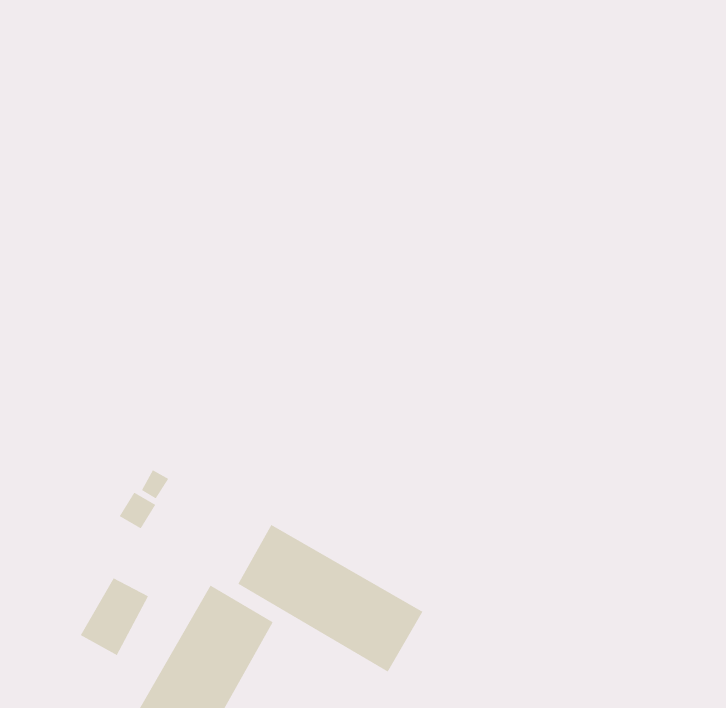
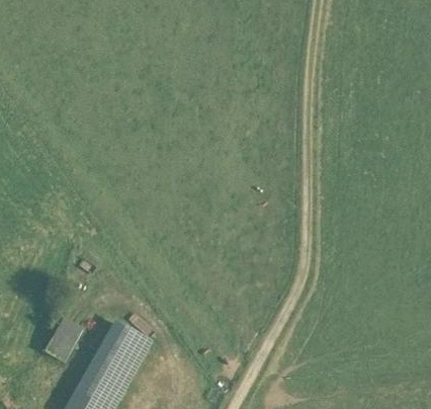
building: [238,524,423,672] -> none

